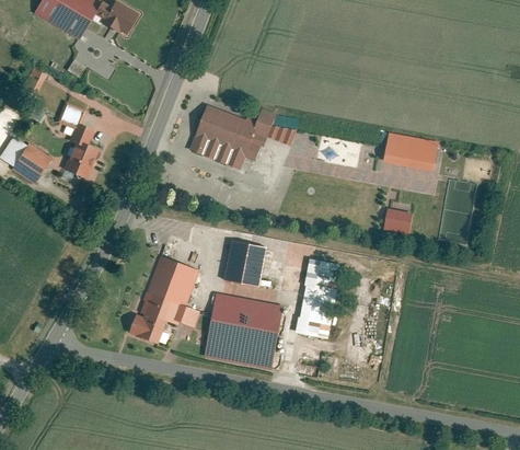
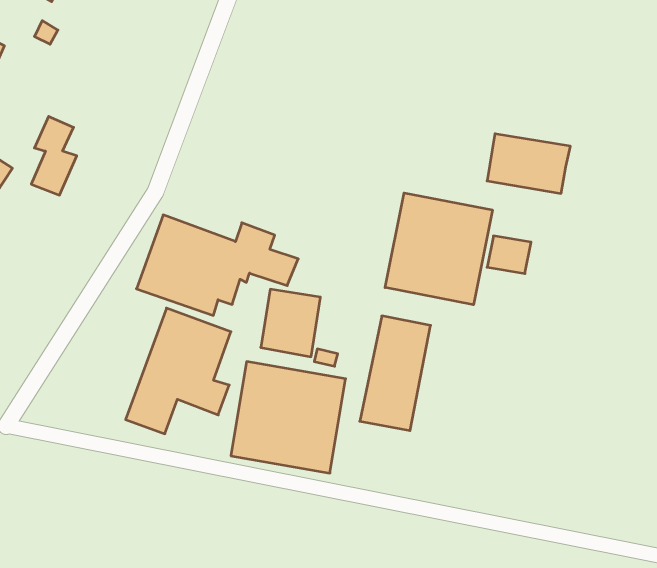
building: [186,100,299,170] -> [136,215,298,315]
building: none -> [385,193,492,305]

